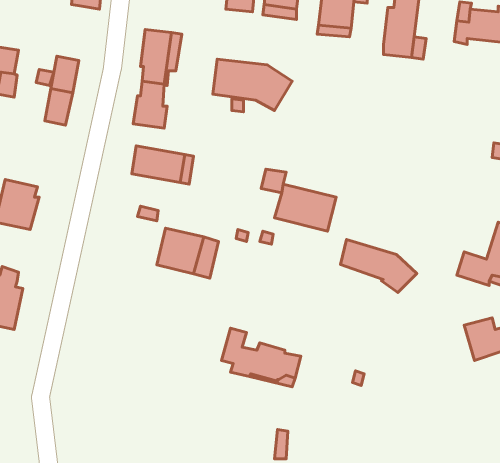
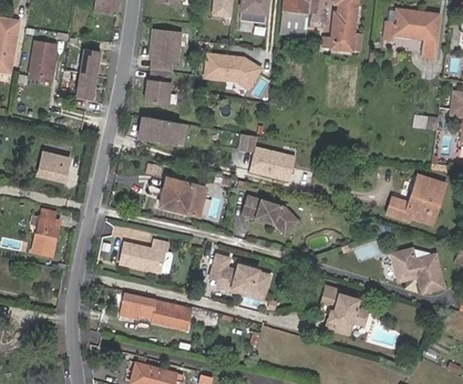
building: [340,240,417,293] -> [241,196,299,236]
building: none -> [117,240,168,272]
building: none -> [322,287,369,331]
building: none -> [120,293,191,330]

